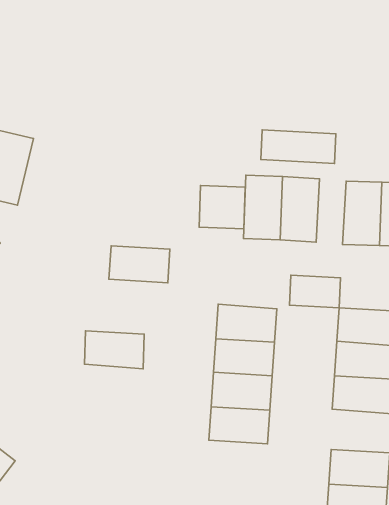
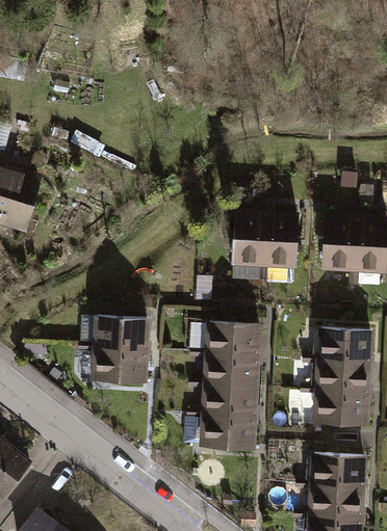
building: [261,130,336,164] -> none
building: [199,185,245,229] -> none
building: [109,246,170,283] -> [91,318,146,351]
building: [290,275,340,308] -> none

